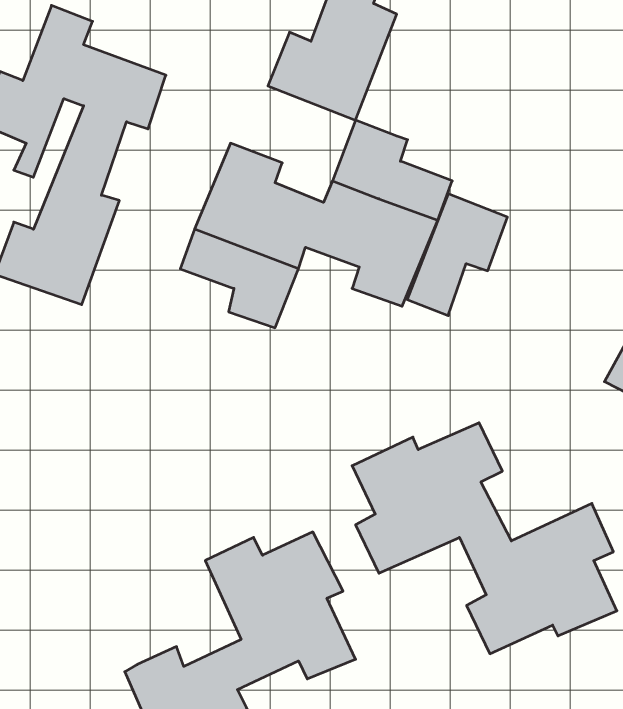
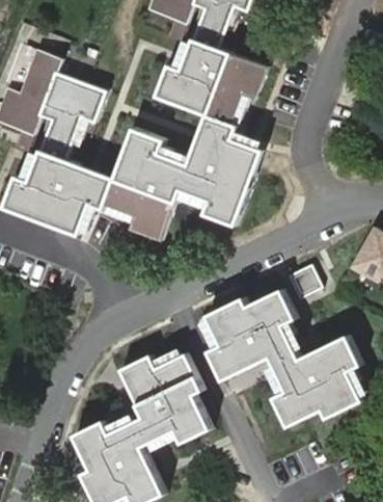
building: [407,194,507,316] -> [208,55,266,126]
building: none -> [49,163,114,235]

